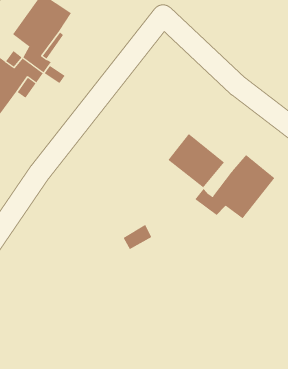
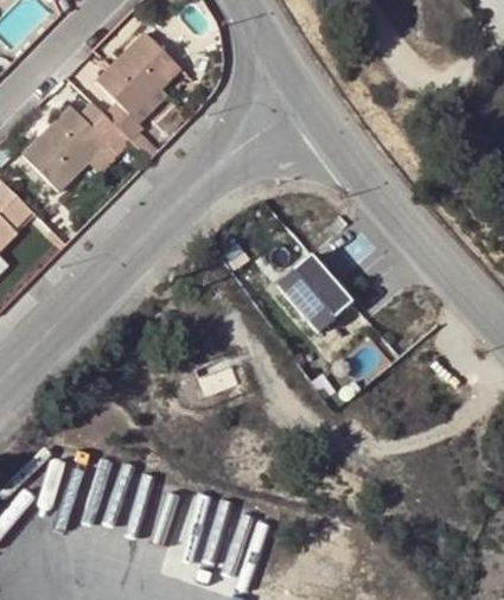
building: [195,154,275,219] -> none

